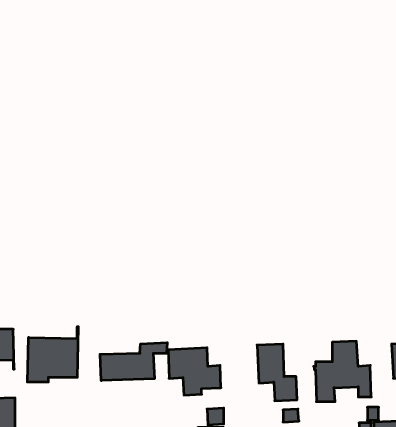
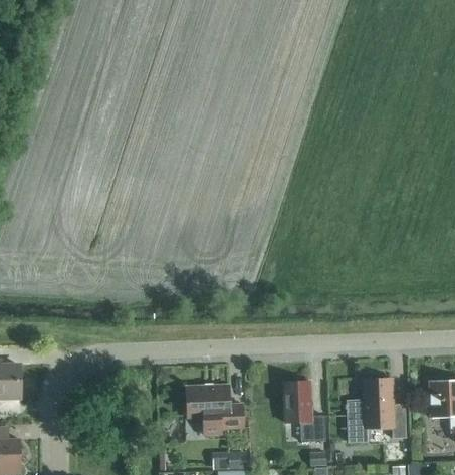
building: [27,327,78,382] -> none
building: [100,343,167,381] -> none

